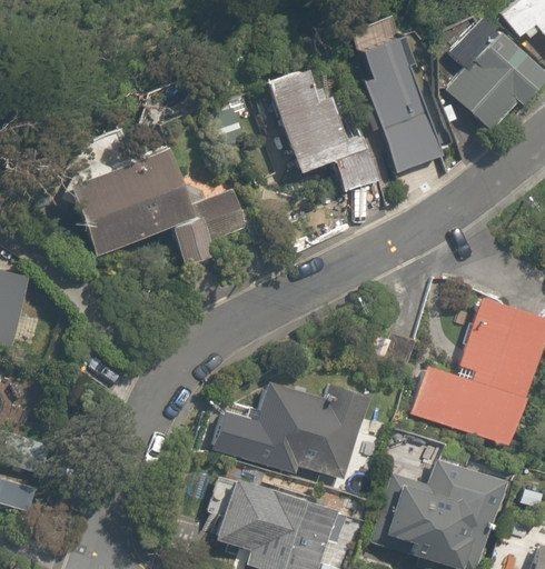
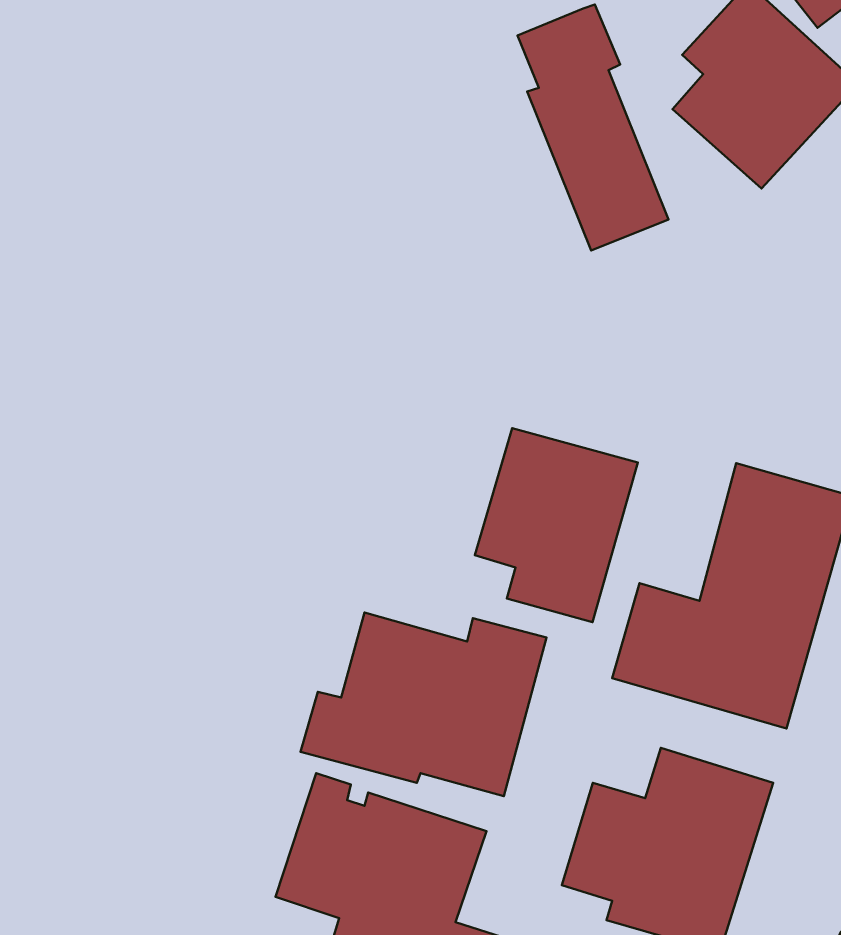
building: [269,67,377,190] -> none
building: [67,141,242,271] -> none
building: none -> [475,428,638,622]

